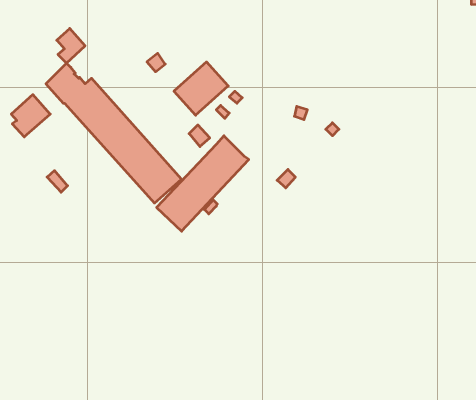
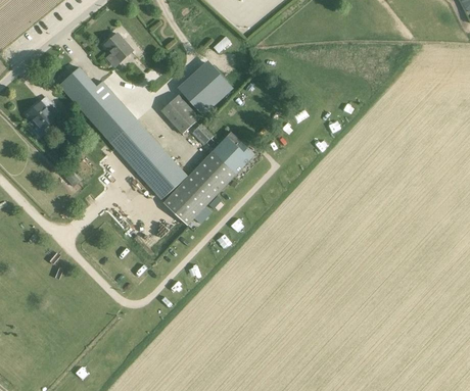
building: [57,28,85,63] -> [105,33,132,65]
building: none -> [161,96,200,135]

